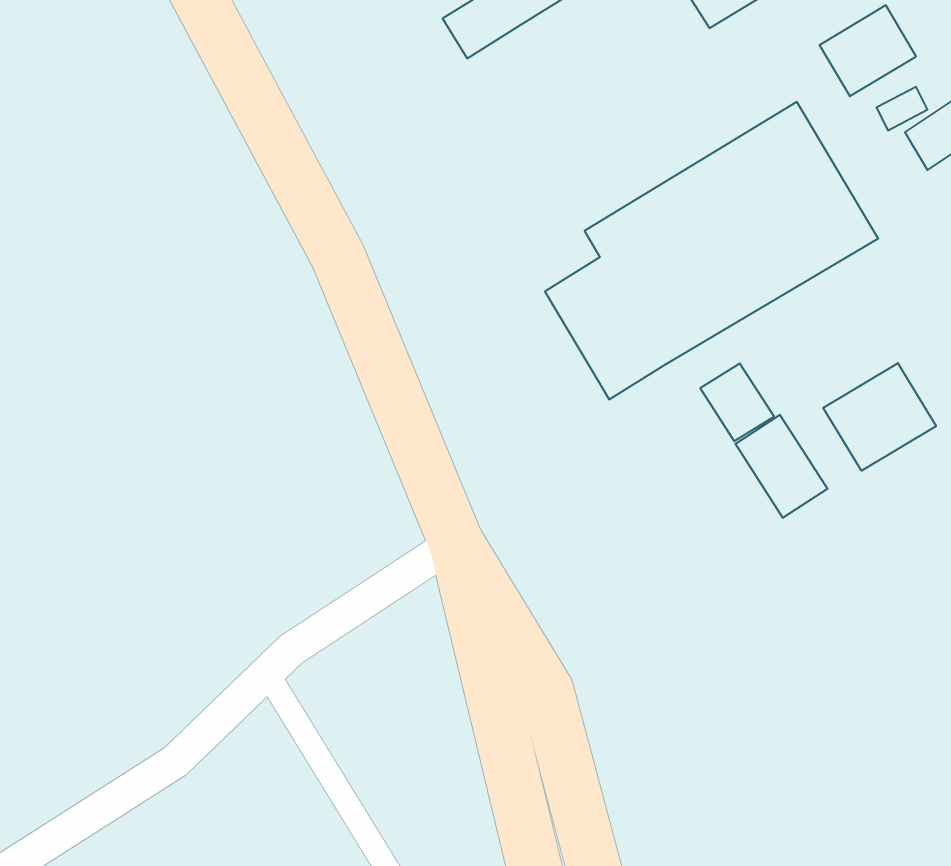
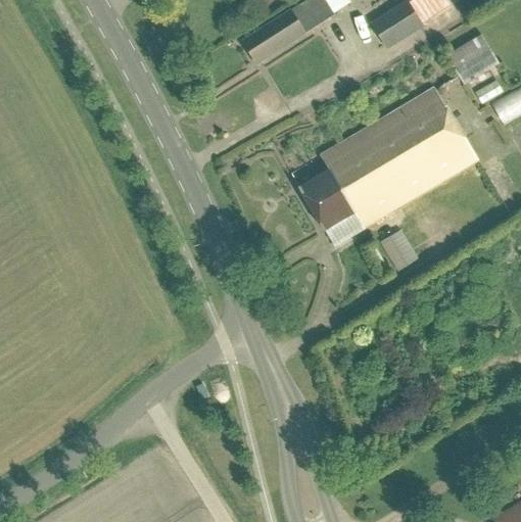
building: [823,363,936,471] -> none
building: [735,415,827,518] -> none

